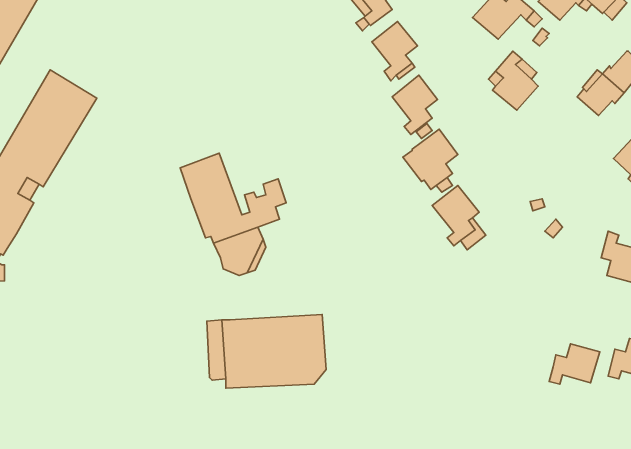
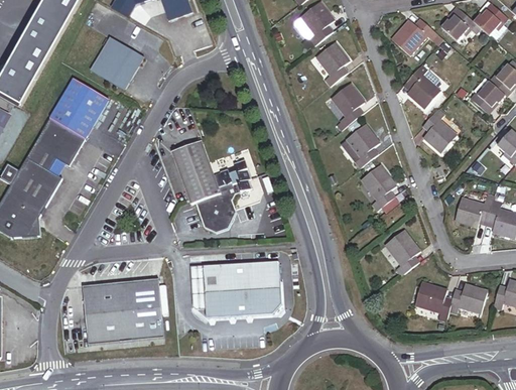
building: none -> [91,36,144,90]
building: none -> [423,108,457,152]
building: none -> [455,197,493,227]
building: none -> [385,229,420,275]
building: none -> [83,278,163,344]
building: none -> [415,281,452,320]

